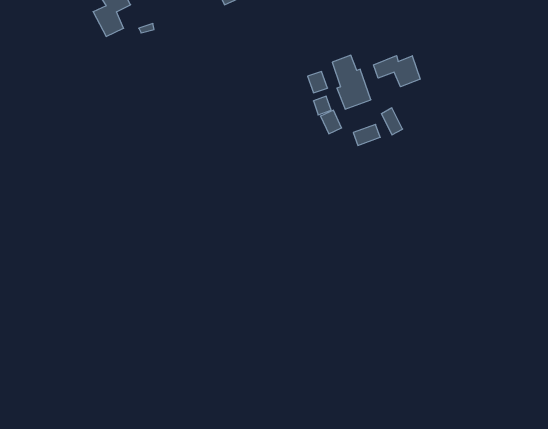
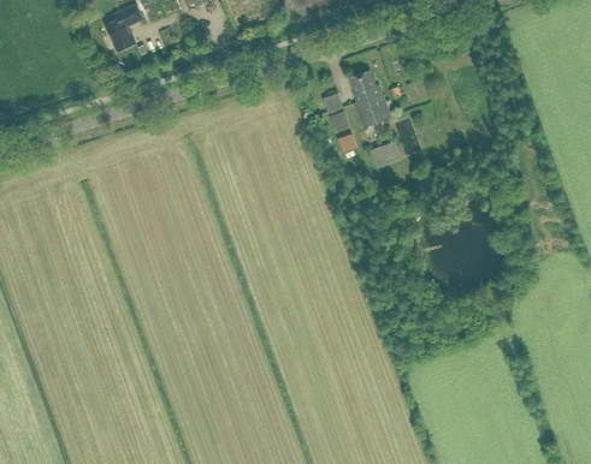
building: [373,56,420,87] -> none

